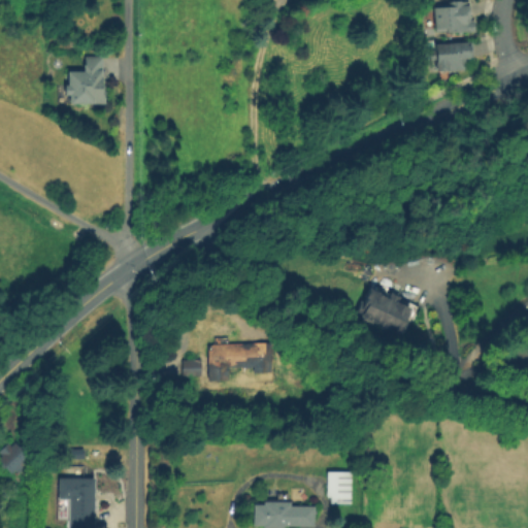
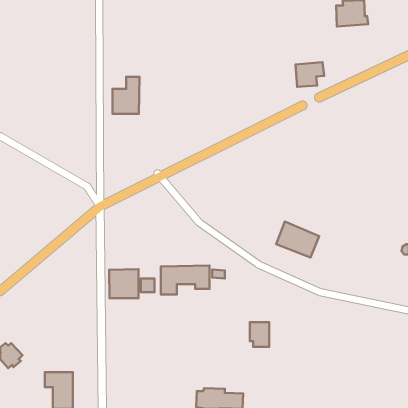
building: [437,40,474,72] -> [295,62,324,87]
building: [71,57,106,104] -> [112,77,140,114]
building: none -> [109,269,139,298]
building: [327,472,352,504] -> [250,322,269,347]

